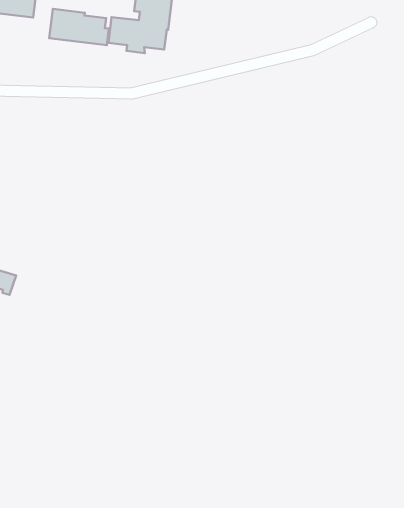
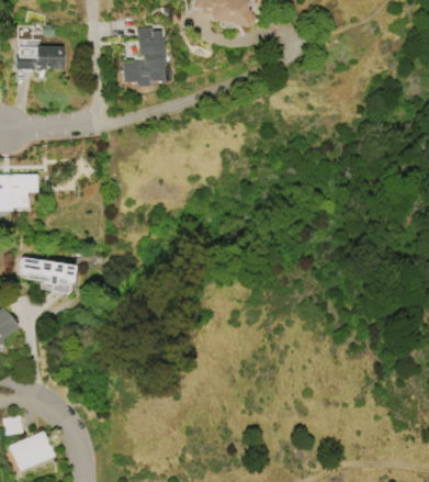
building: [49,9,109,45] -> none

